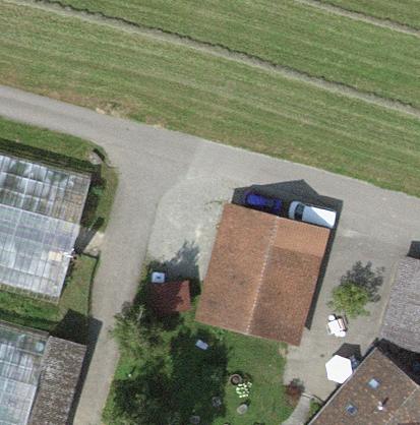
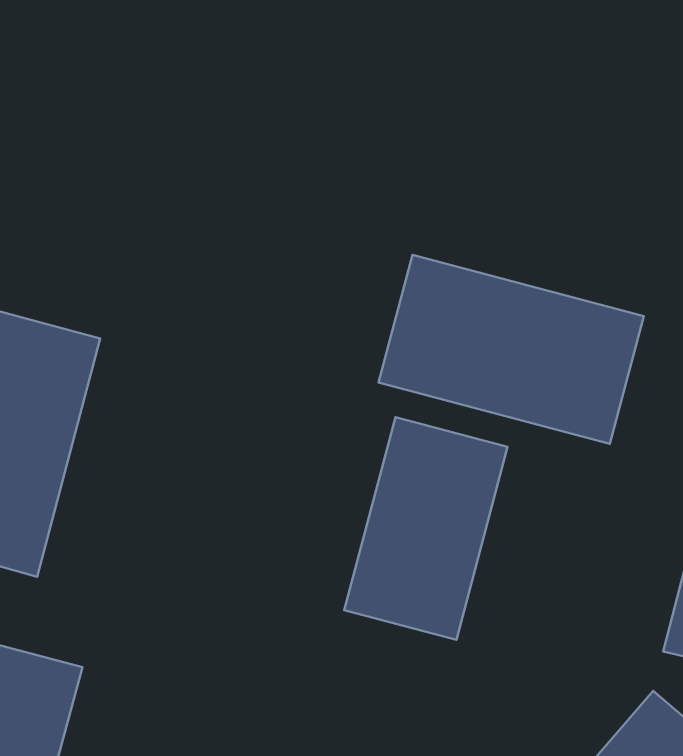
building: none -> [379,255,644,444]

